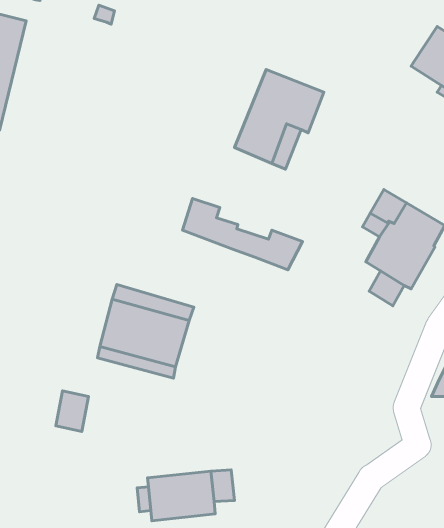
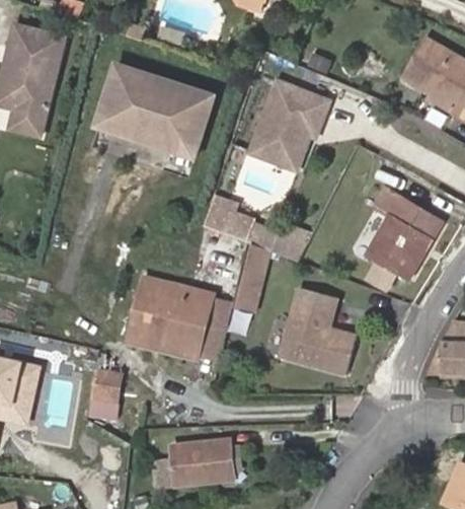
building: none -> [98,65,214,157]
building: none -> [235,242,268,308]
building: none -> [282,289,357,372]
building: none -> [198,306,232,355]

